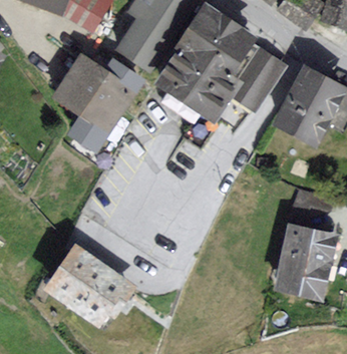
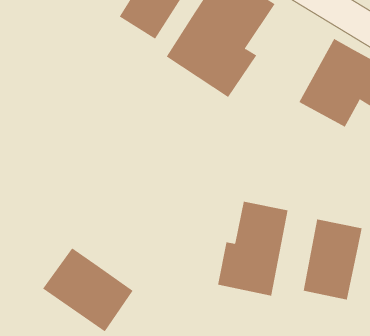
building: [233,49,284,110] -> none
building: [53,54,141,148] -> none
building: none -> [217,201,288,296]

